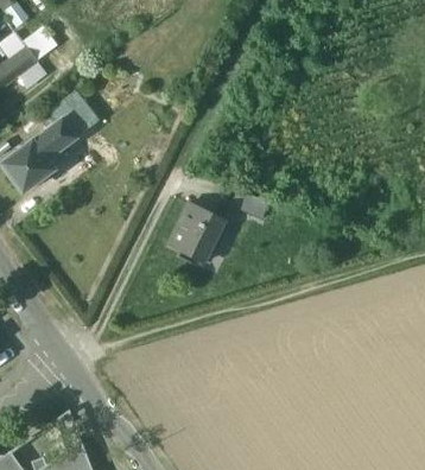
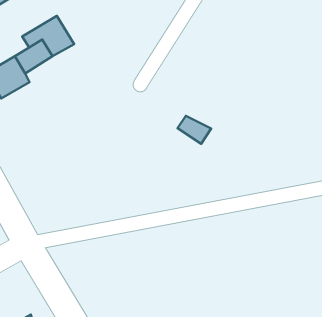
building: [167,205,223,265] -> none

